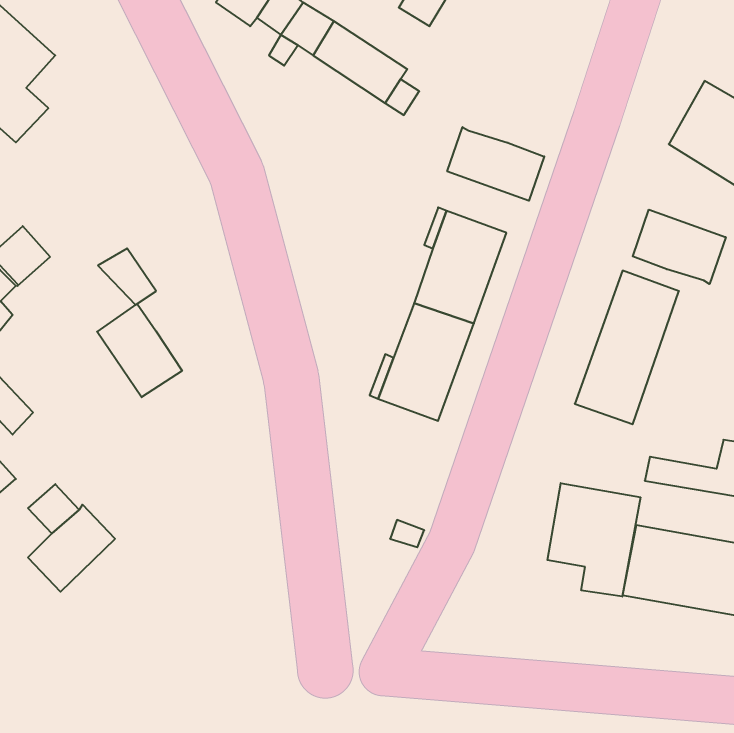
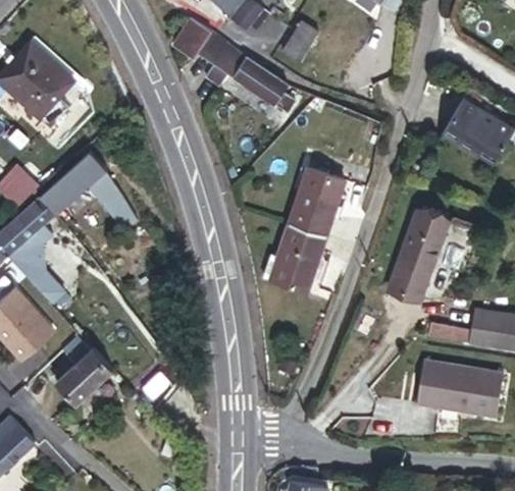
building: [447,127,544,201] -> none
building: none -> [58,155,104,200]
building: [633,210,726,284] -> none
building: [97,304,182,397] -> none
building: [547,483,640,597] -> none

